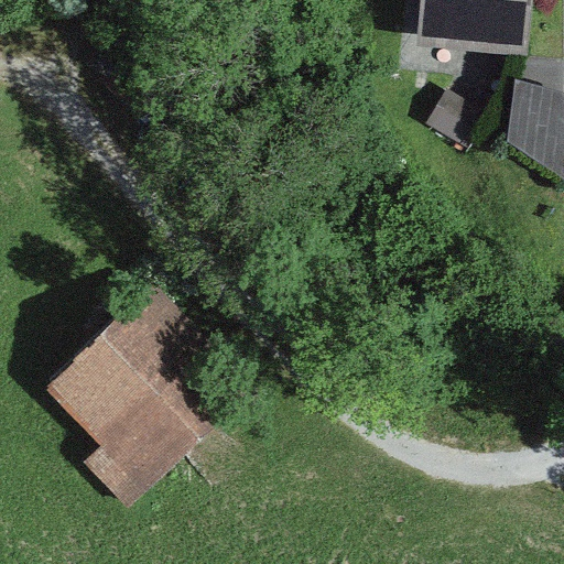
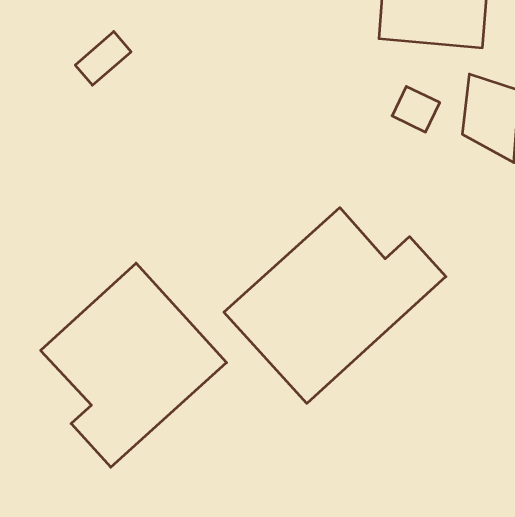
building: none -> [224,208,446,403]

